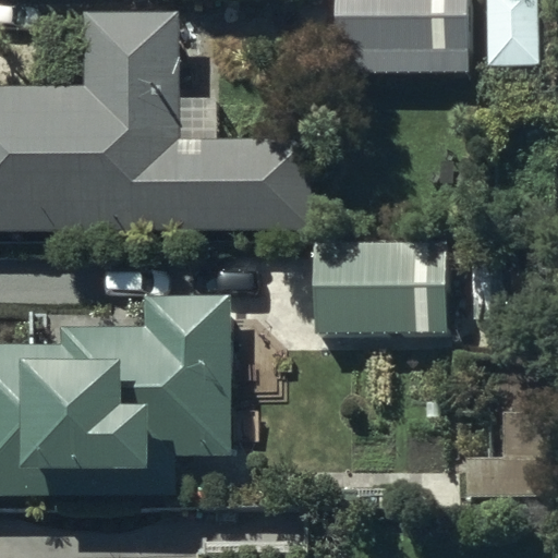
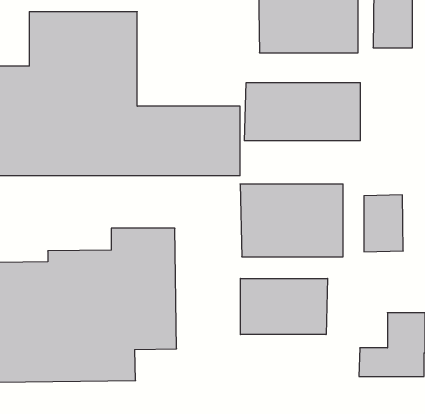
building: none -> [244,83,360,141]
building: none -> [240,278,328,335]

